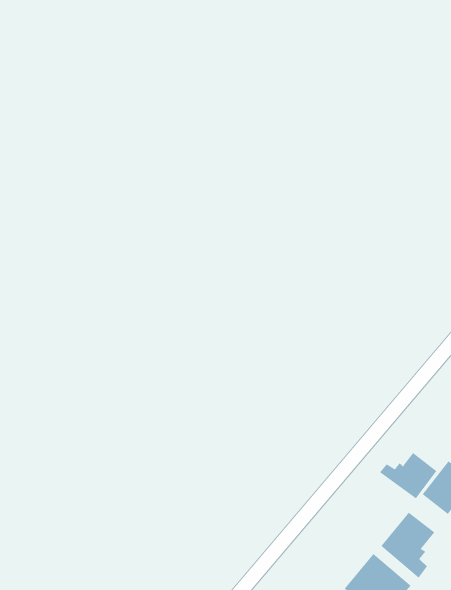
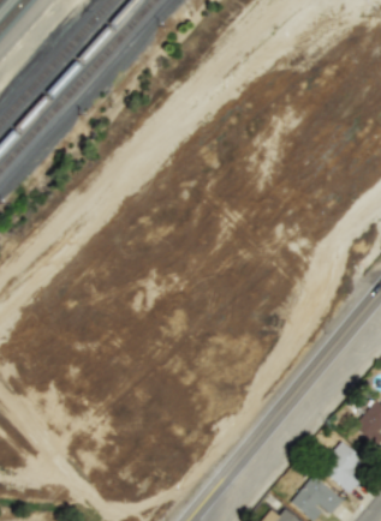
building: [379,452,437,499] -> none

